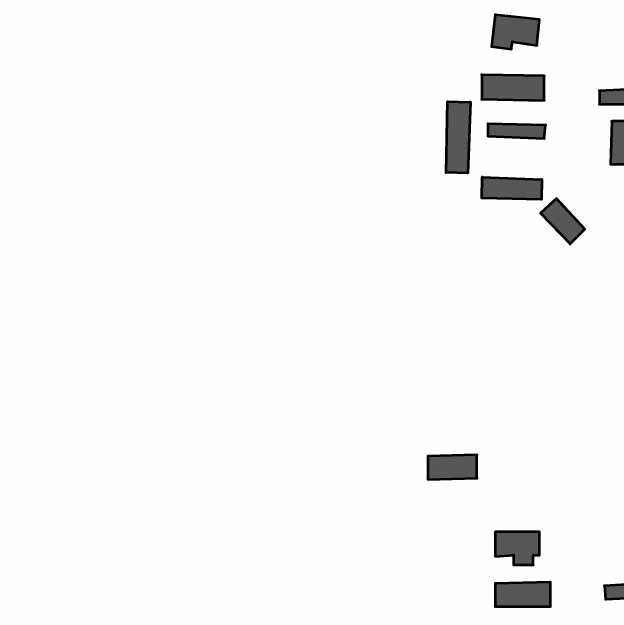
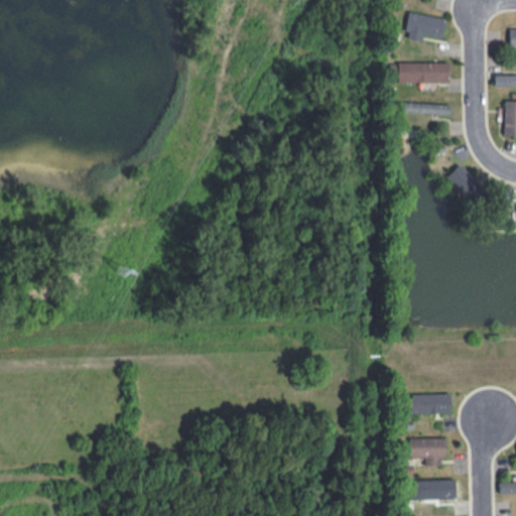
building: [446,102,470,173] -> none
building: [482,177,542,199] -> none
building: [428,455,477,479] -> [410,394,450,414]

